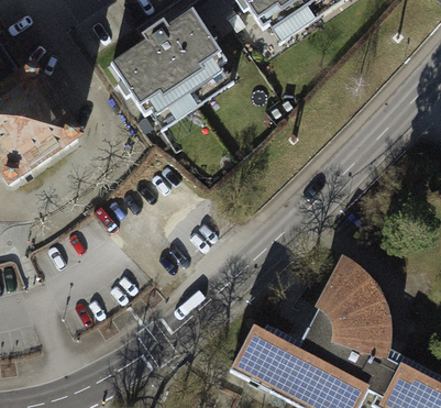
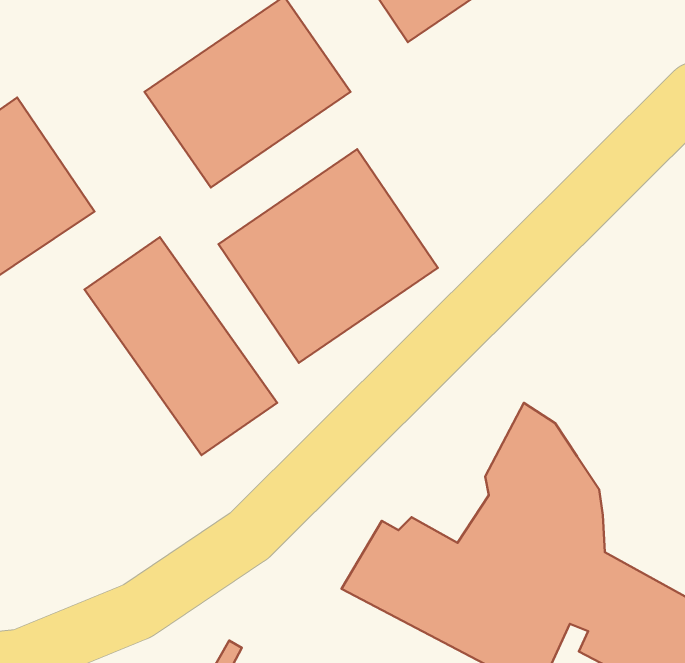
building: none -> [218,149,438,363]
building: none -> [84,237,277,455]

